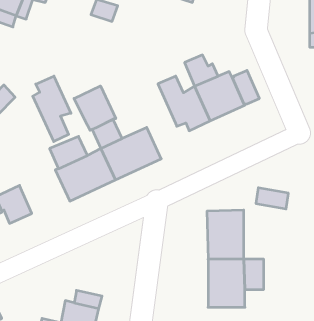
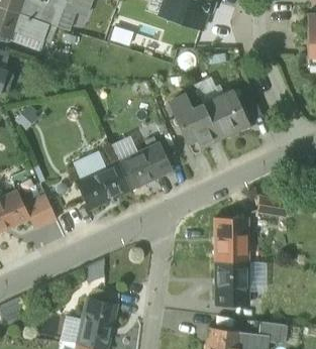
building: [33,76,71,142] -> none
building: [74,86,116,130] -> none

